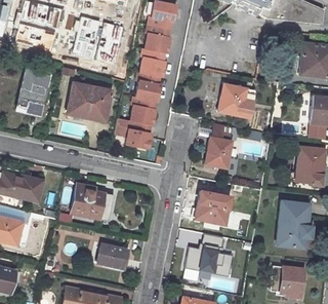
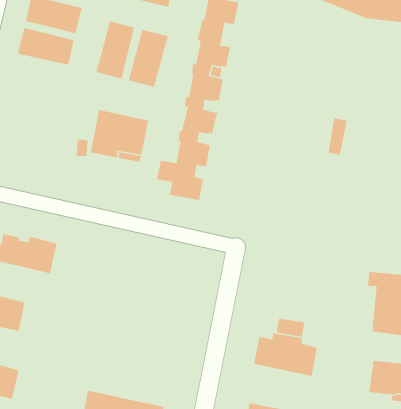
building: [16,69,48,111] -> none
building: [218,84,245,114] -> none
building: [205,123,231,166] -> none
building: [72,188,106,219] -> none
building: [189,190,230,224] -> none
building: [97,243,128,267] -> none

